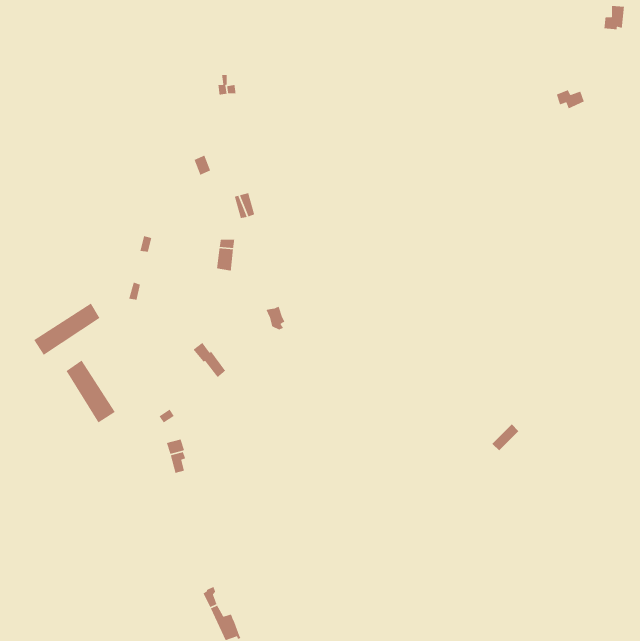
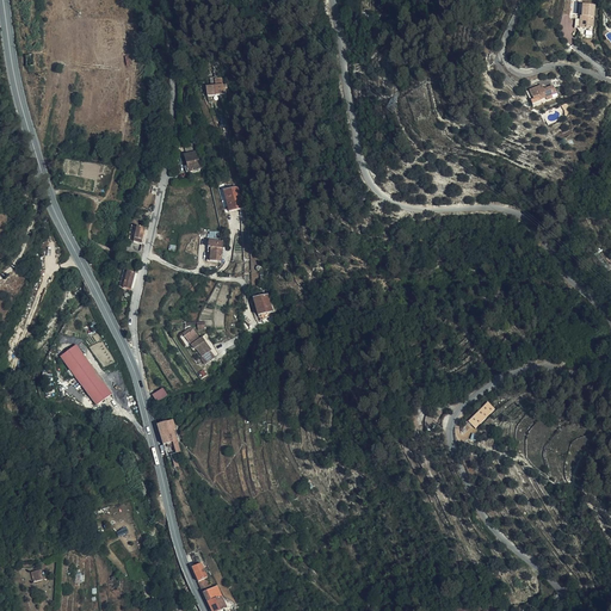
building: [33,302,101,356] -> none

